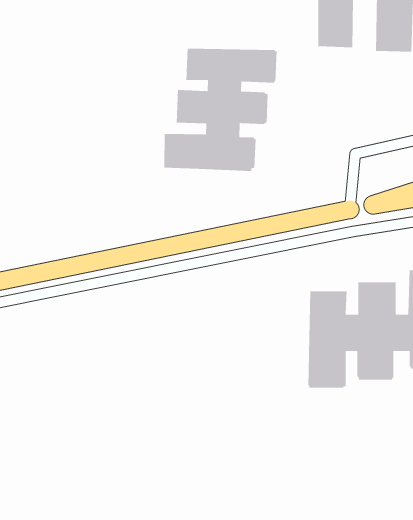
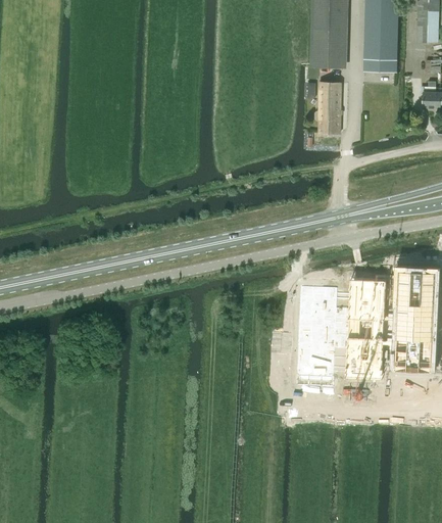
building: [164,48,278,172] -> none
building: none -> [315,82,343,132]

